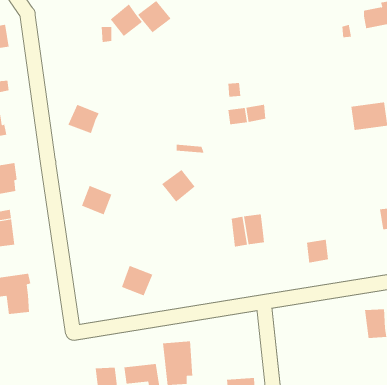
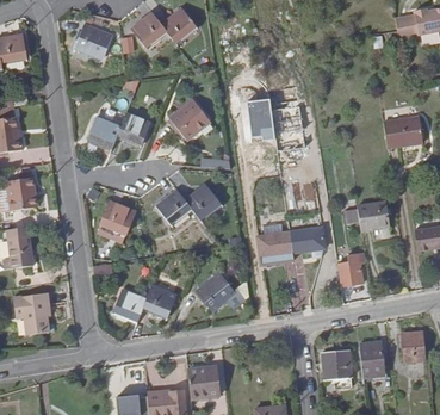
building: none -> [76,24,113,55]
building: none -> [171,101,207,140]
building: none -> [118,112,151,143]
building: none -> [156,190,192,224]
building: none -> [357,199,391,228]
building: none -> [291,227,324,252]
building: none -> [197,273,234,311]
building: none -> [114,289,148,321]
building: none -> [358,341,382,377]
building: none -> [321,351,351,389]

